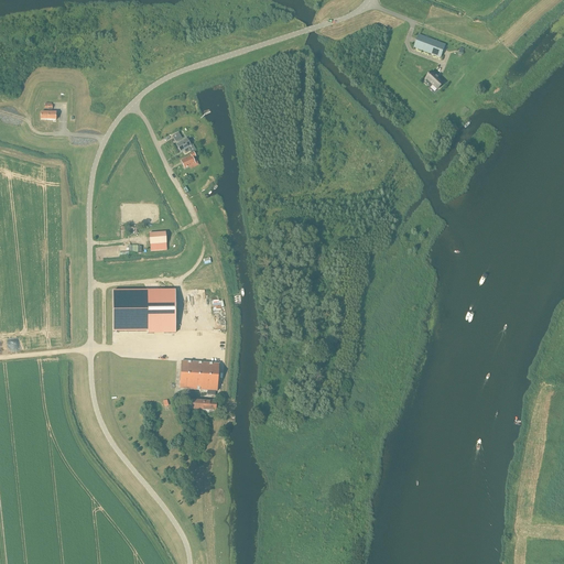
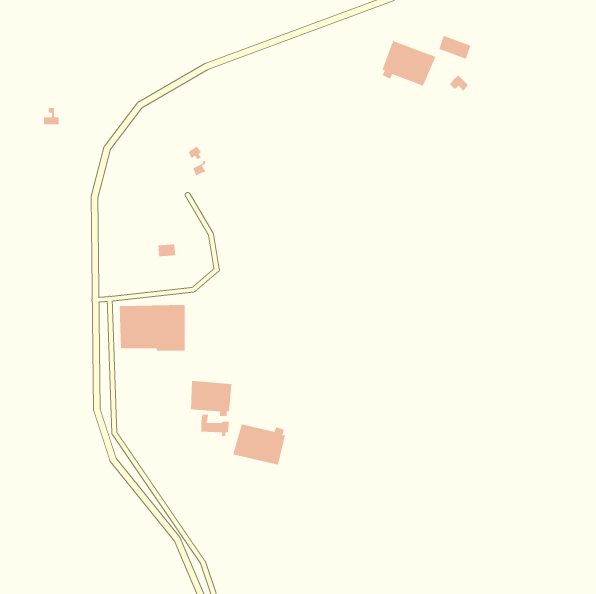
building: none -> [382,40,436,87]
building: none -> [233,423,286,466]

